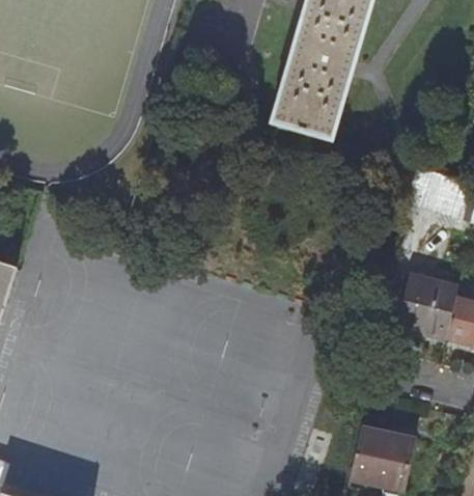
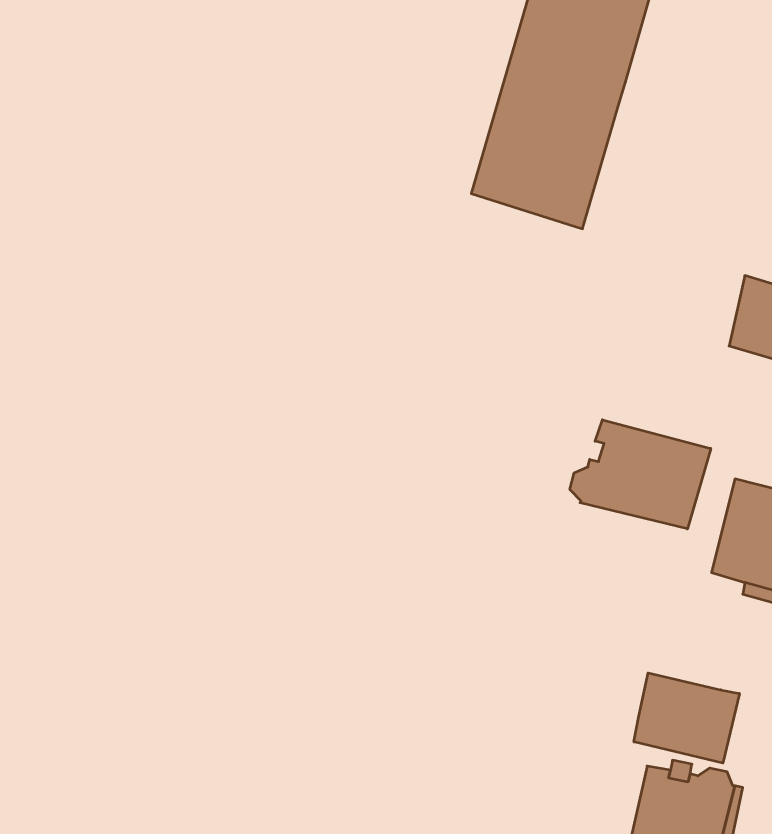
building: none -> [570,420,711,529]
building: none -> [634,673,739,763]

